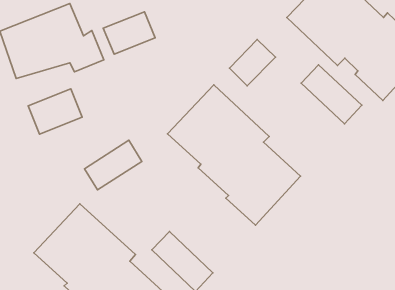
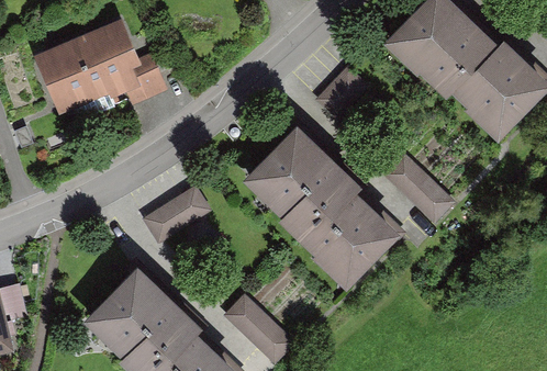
building: [103,12,155,54] -> none
building: [301,65,362,124] -> [381,155,454,225]
building: [28,89,82,134] -> none

